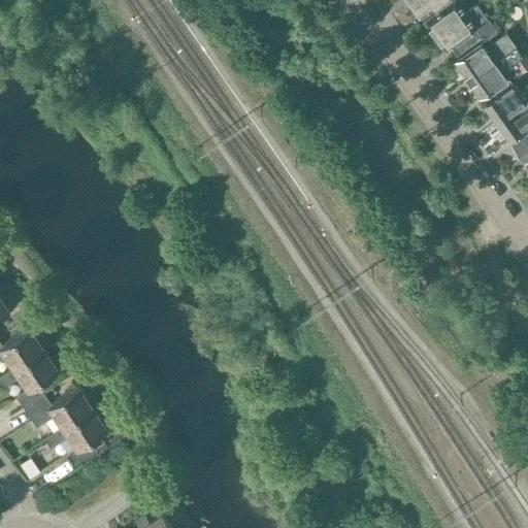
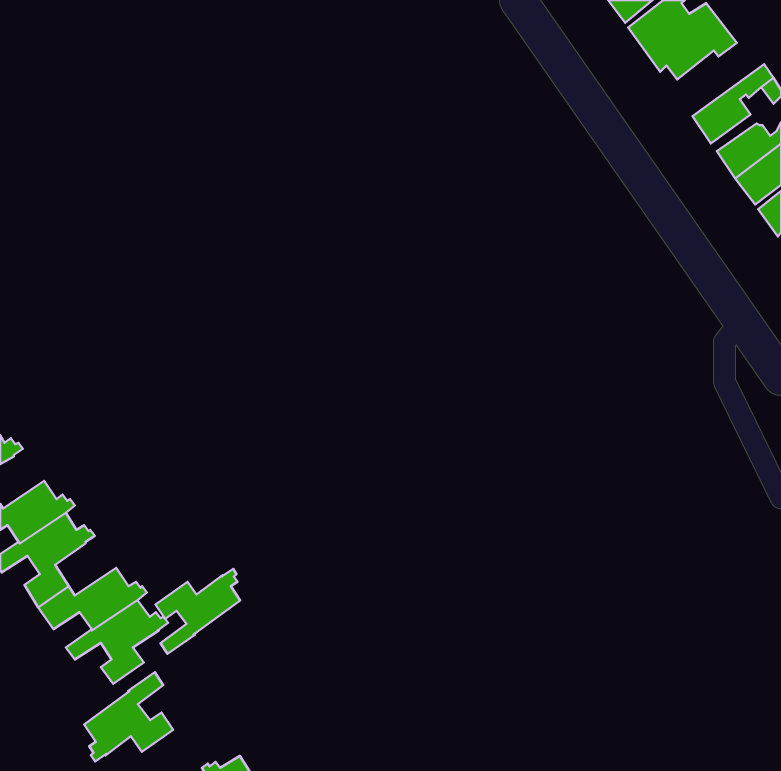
building: [454,37,516,85] -> none
building: none -> [155,569,240,654]
building: none -> [84,672,173,762]

